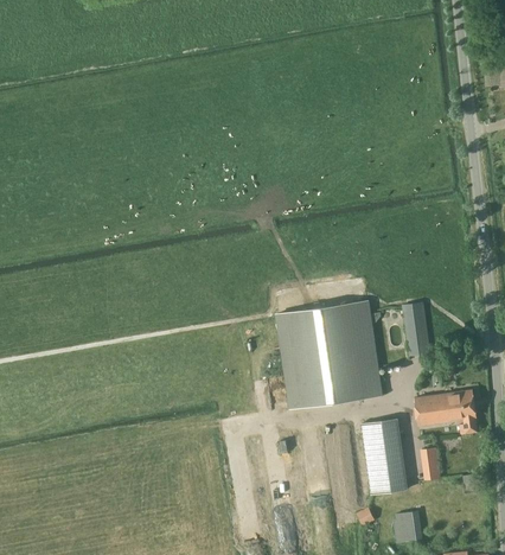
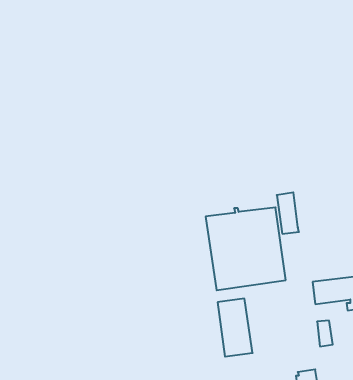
building: [402,301,430,355] -> [277,192,299,234]
building: [362,419,407,493] -> [218,299,253,357]

